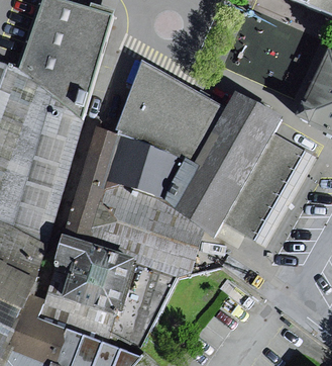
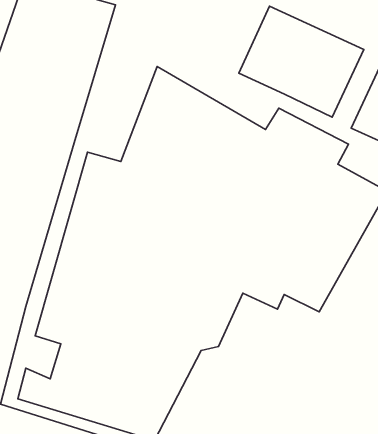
building: none -> [239,6,364,117]

